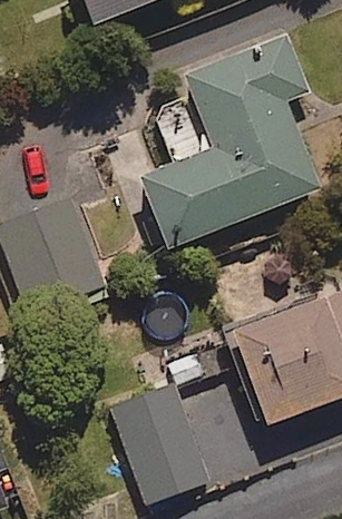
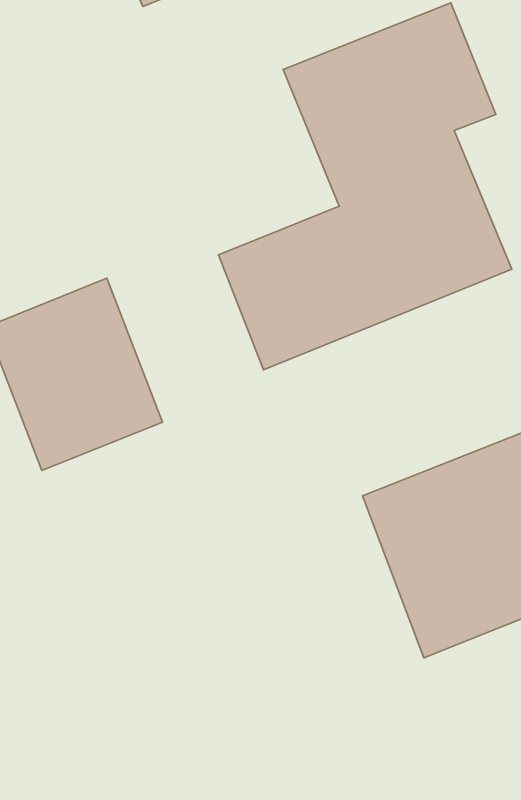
building: [109,384,211,507] -> none

